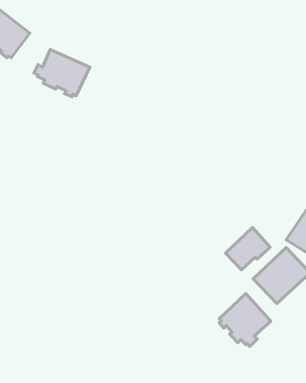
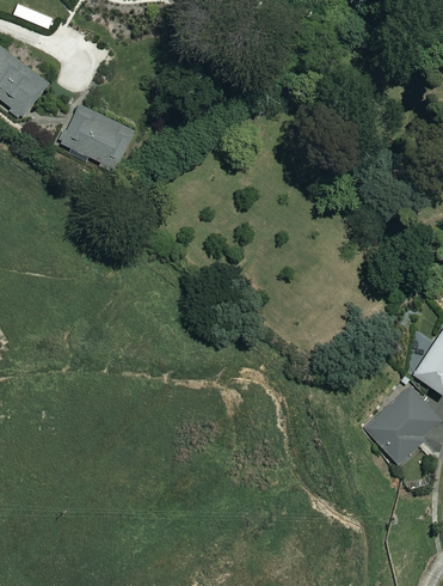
building: [225,228,270,270] -> none
building: [219,293,271,346] -> none

